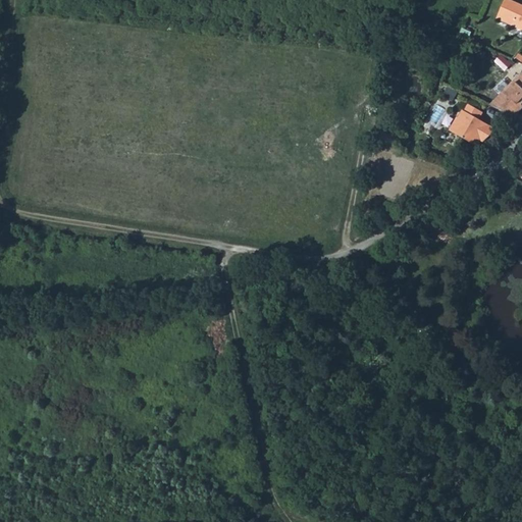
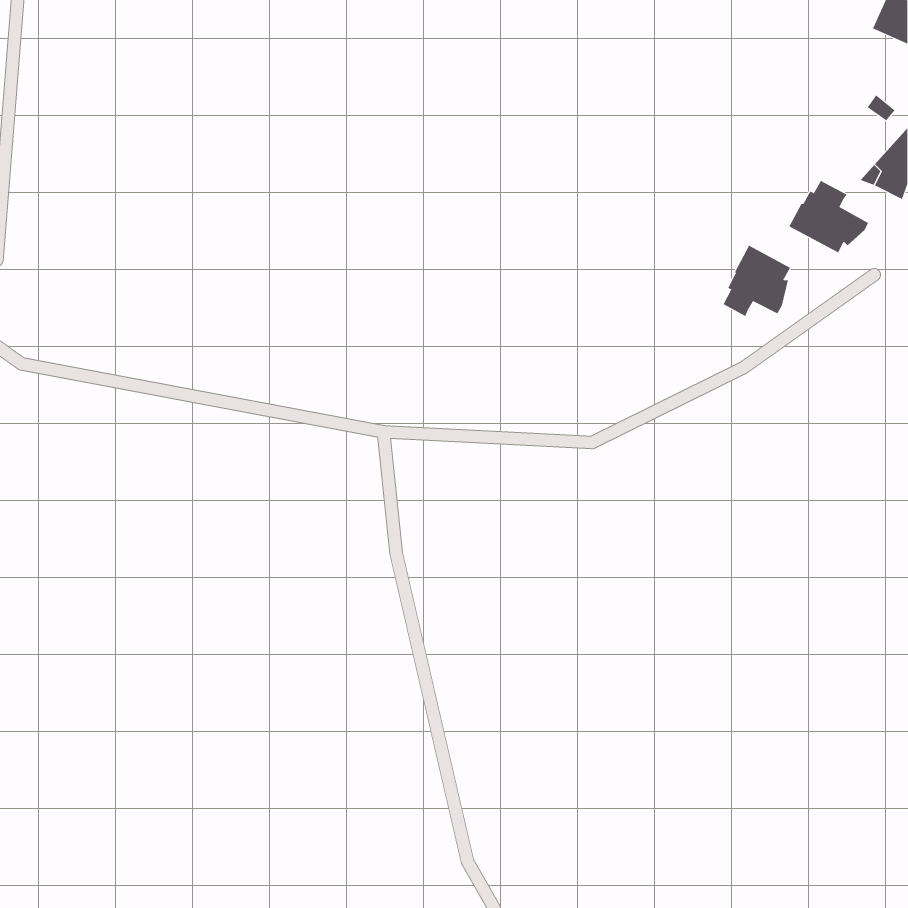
building: none -> [723,245,791,317]

